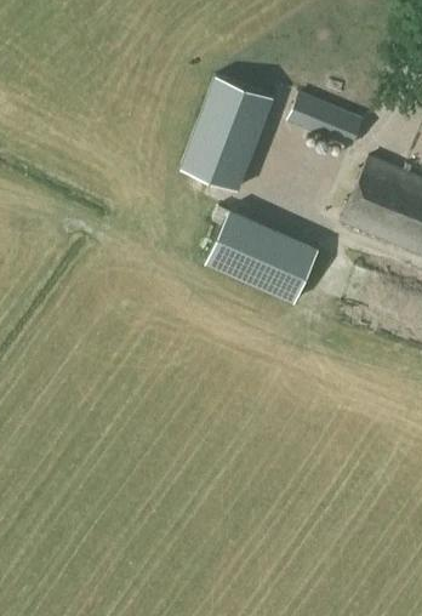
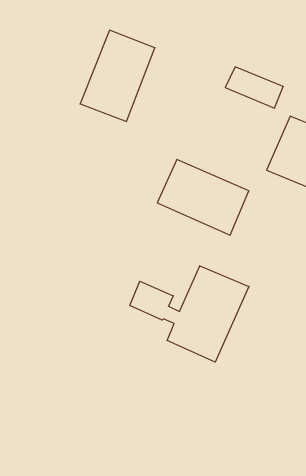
building: [182,75,274,188] -> [80,30,155,122]
building: none -> [130,266,249,362]

